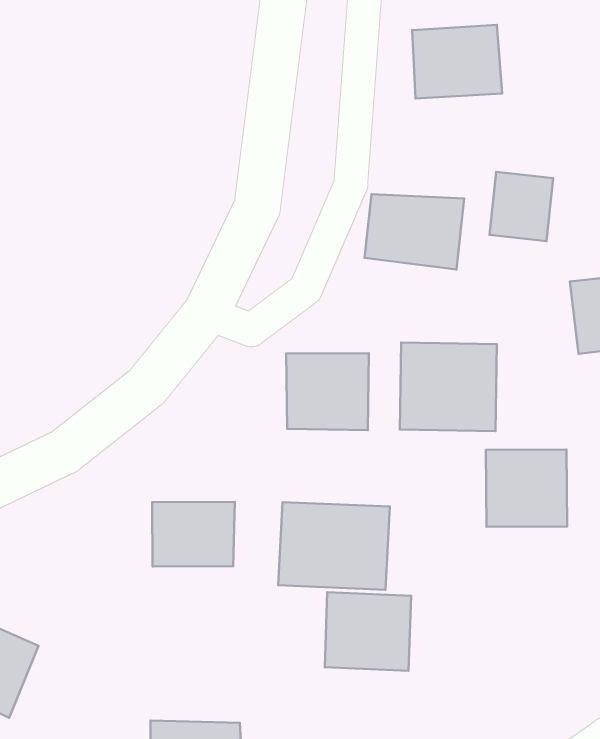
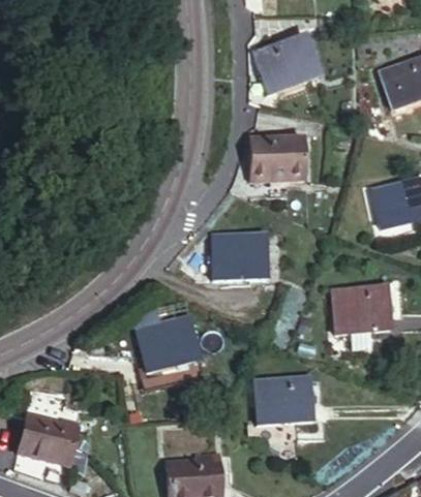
building: [490,172,553,241] -> none
building: [400,343,497,431] -> none
building: [278,502,390,590] -> none

